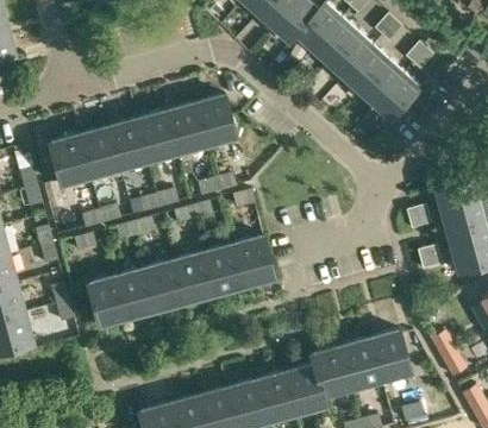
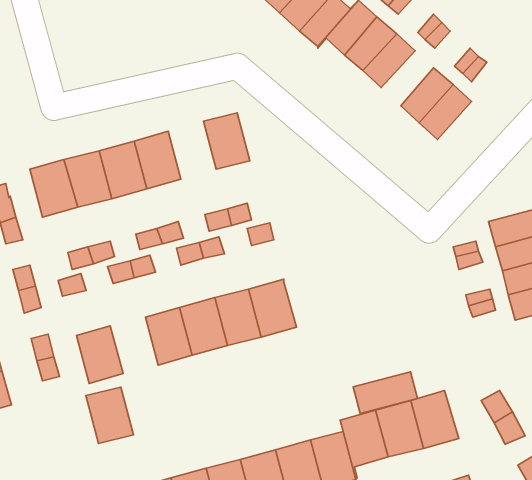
building: [345,44,389,90] -> none
building: [165,103,206,152] -> none
building: [117,269,157,316] -> [86,387,134,443]
building: none -> [353,372,417,414]

